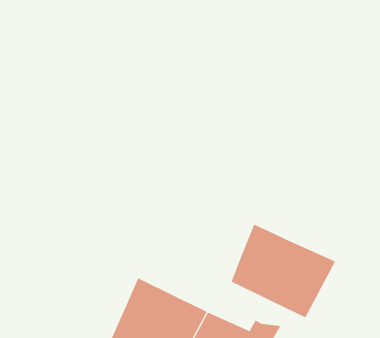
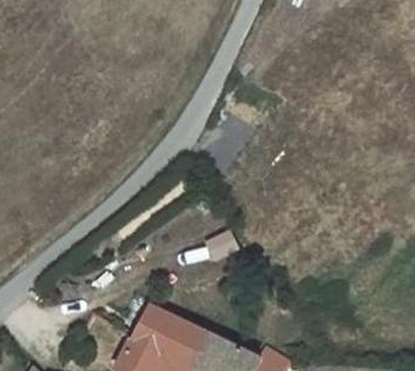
building: [231,224,336,318] -> none

